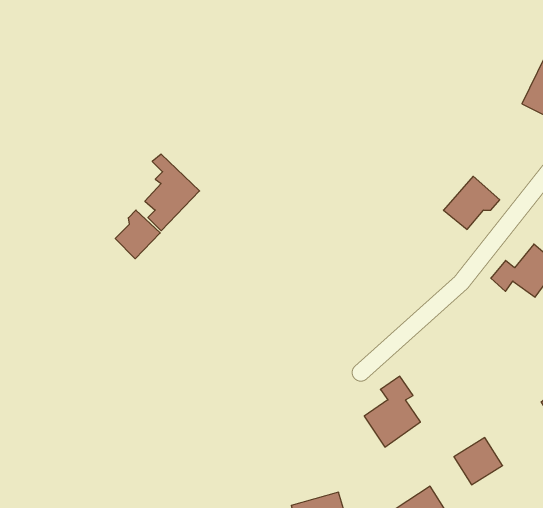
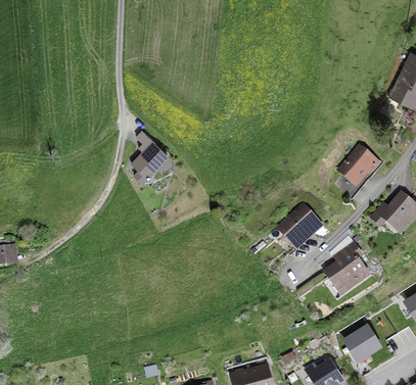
building: [115,210,160,259] -> none
building: none -> [280,206,320,244]
building: [364,376,420,447] -> [328,240,367,289]

